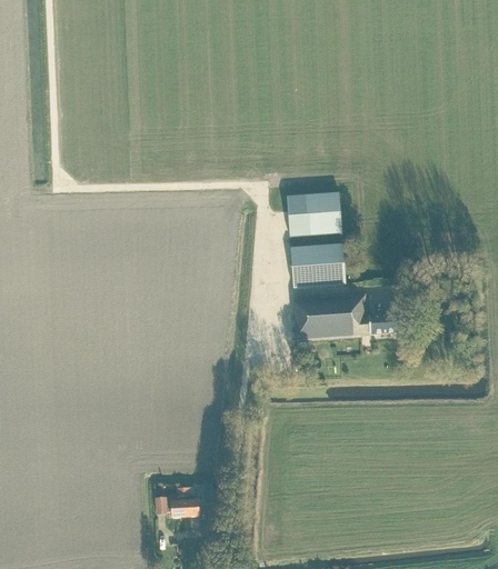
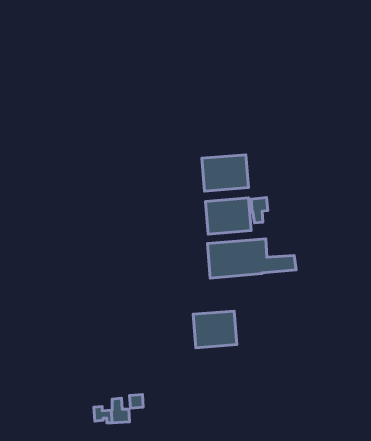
building: none -> [251,198,268,223]
building: none -> [193,311,237,348]

